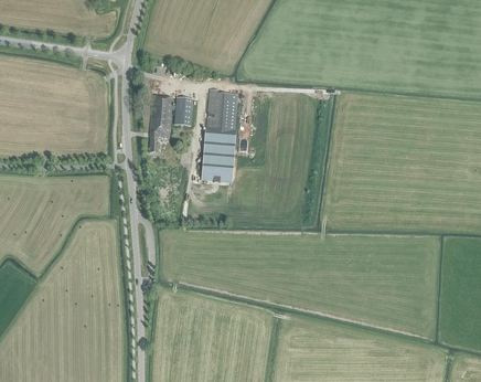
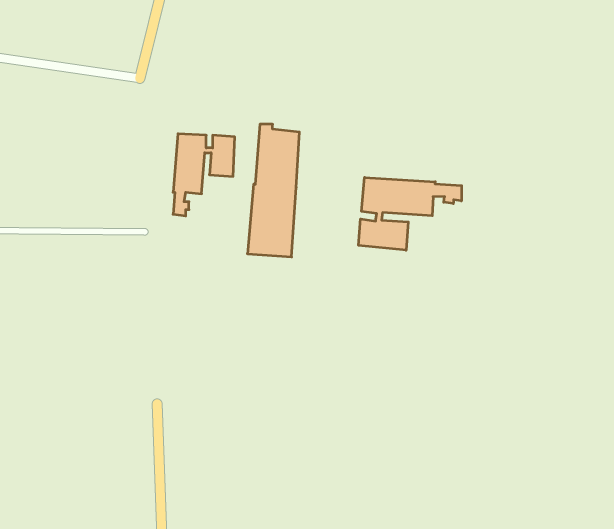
building: none -> [359,177,462,250]

